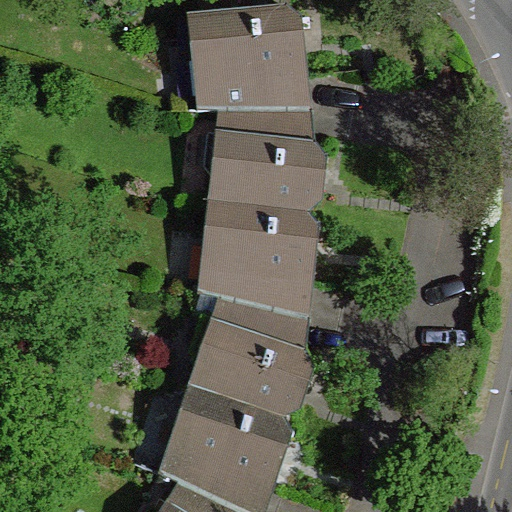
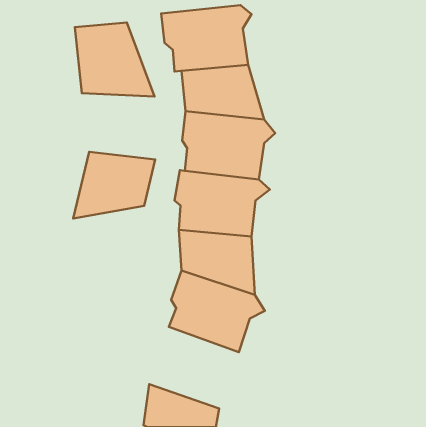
building: none -> [75,22,154,97]
building: none -> [73,152,155,218]
building: [177,386,291,485] -> none

